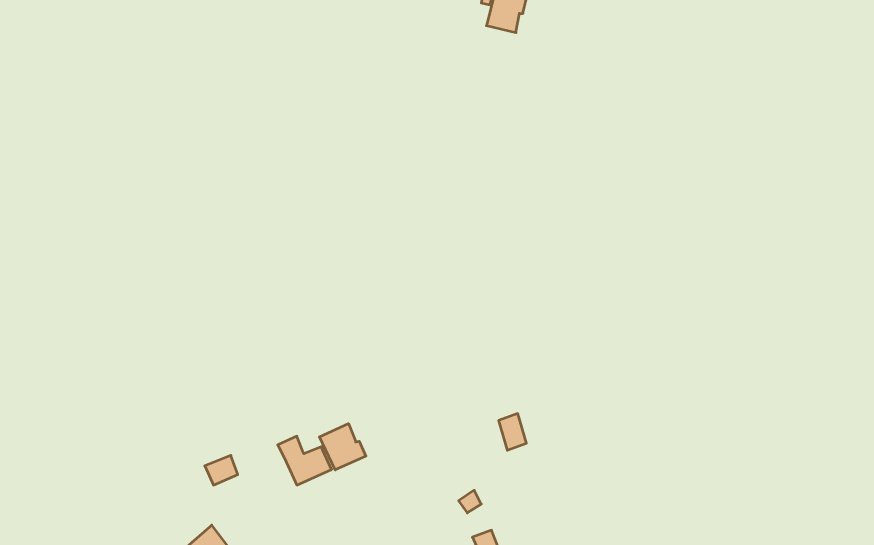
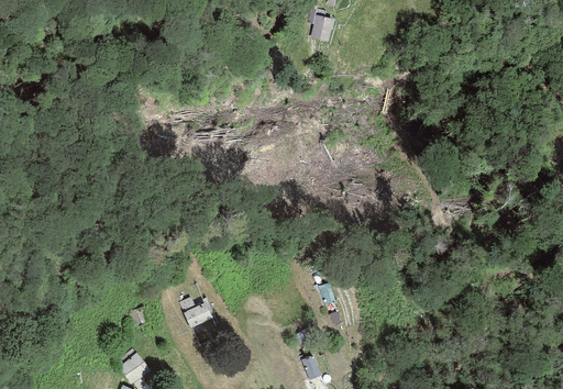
building: [319,424,366,470] -> none

